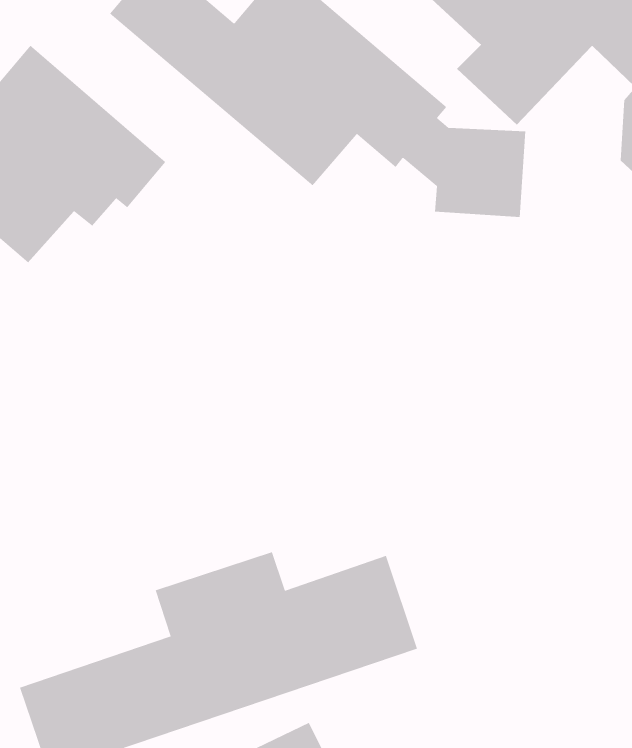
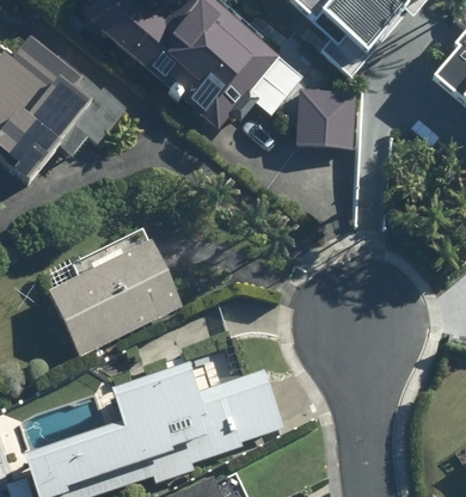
building: none -> [51,240,185,352]

